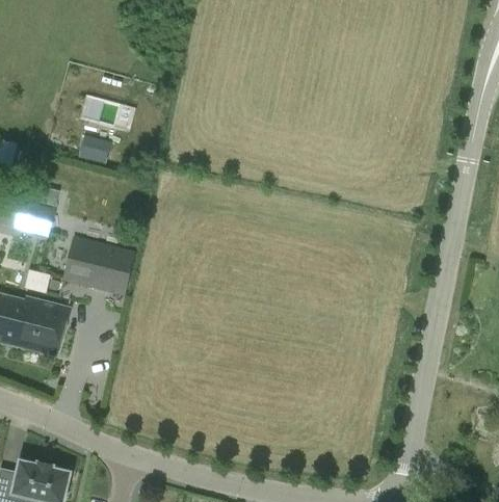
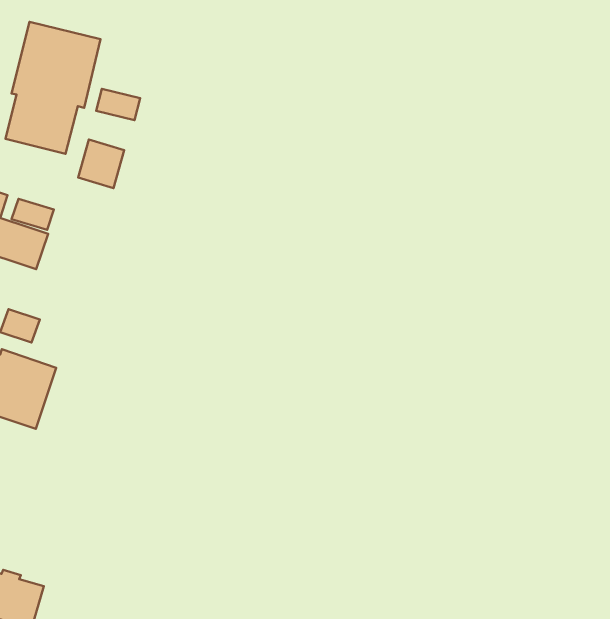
building: none -> [6,22,101,154]
building: [61,234,134,294] -> none

